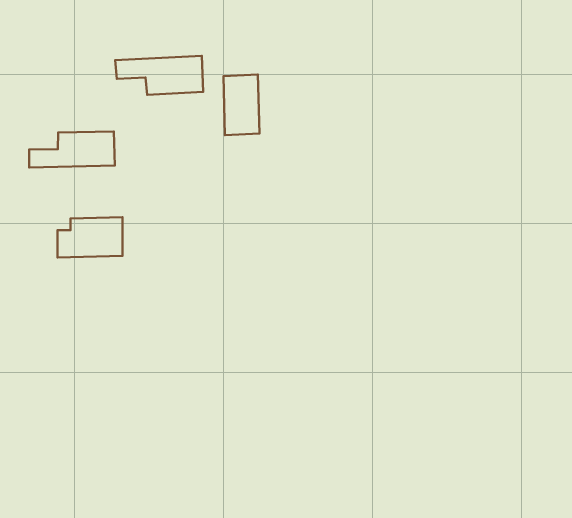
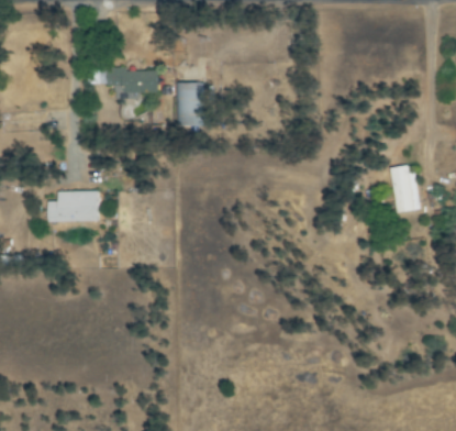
building: [29,131,115,167] -> none
building: none -> [392,165,419,211]

